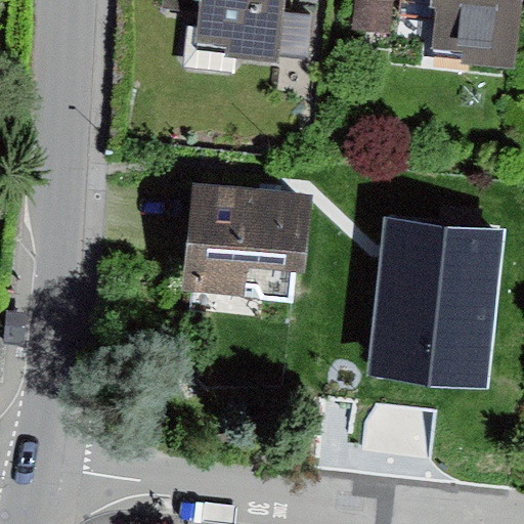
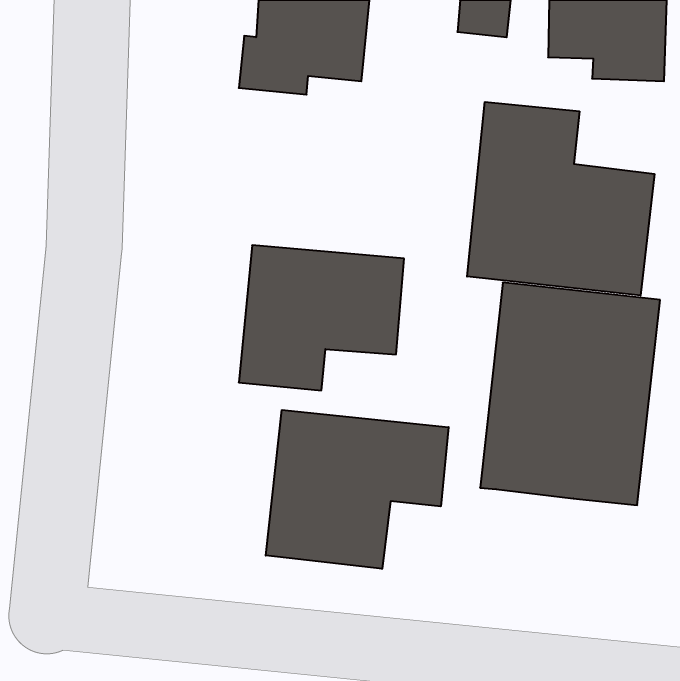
building: none -> [467,102,654,296]
building: none -> [266,410,449,569]

